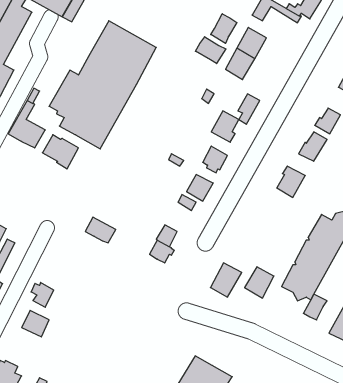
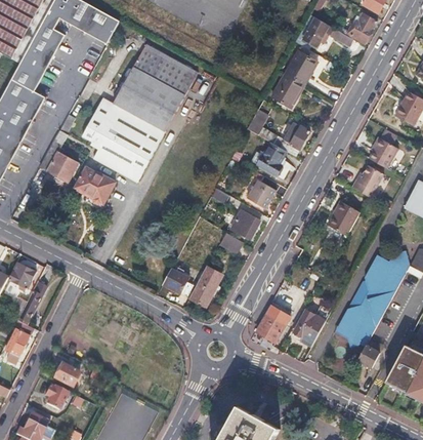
building: [211,14,237,43] -> none
building: [195,37,226,64] -> none
building: [85,217,116,243] -> [161,270,194,297]
building: [31,282,54,307] -> [43,384,68,410]

